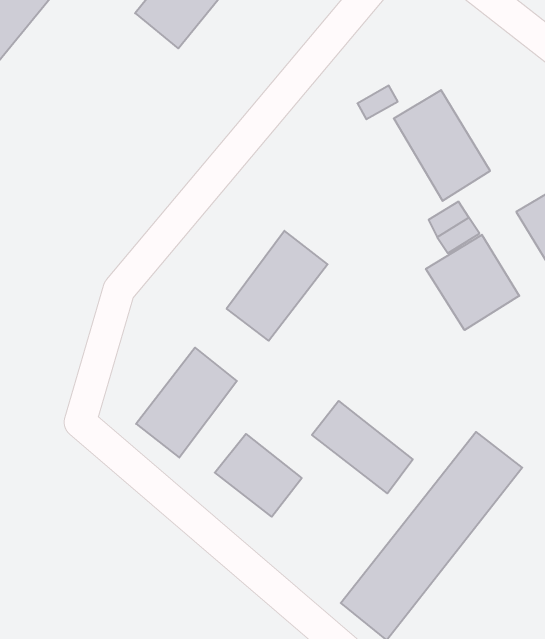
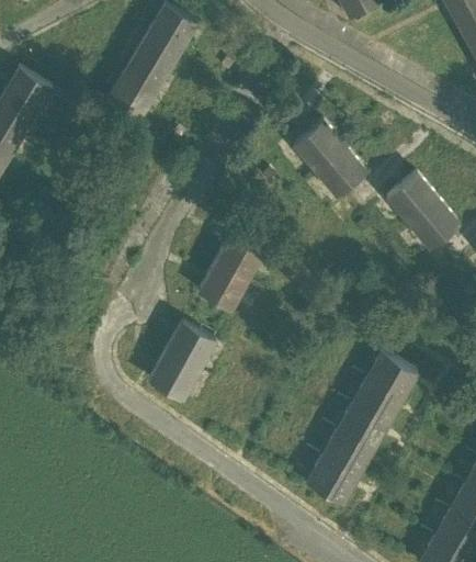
building: [426,235,519,330] -> none
building: [312,401,413,493] -> none
building: [215,434,302,517] -> none

